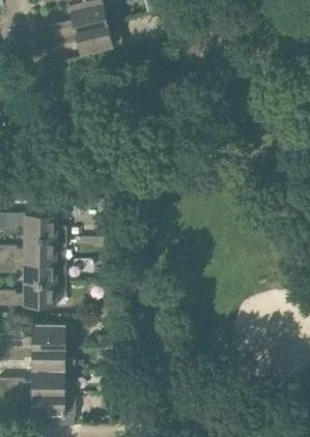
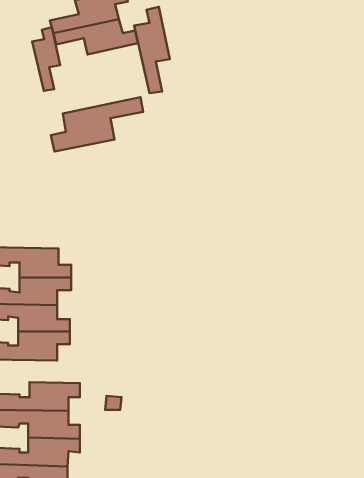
building: none -> [134,7,170,93]
building: none -> [32,27,60,91]
building: none -> [51,97,143,151]

